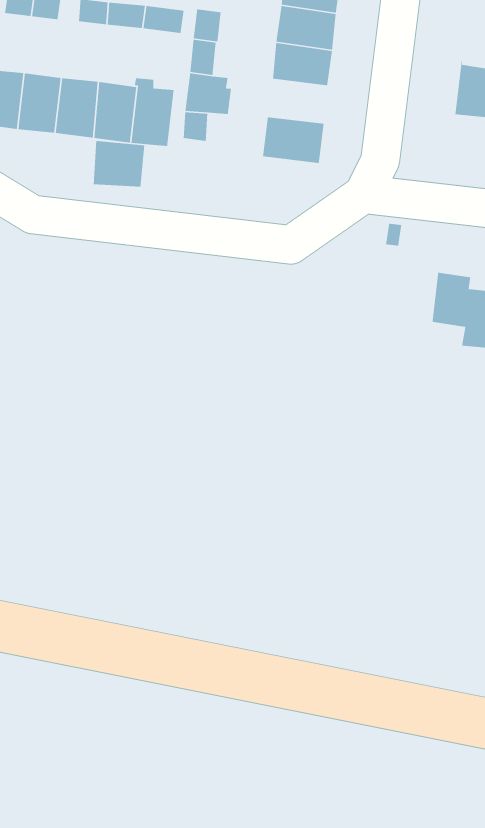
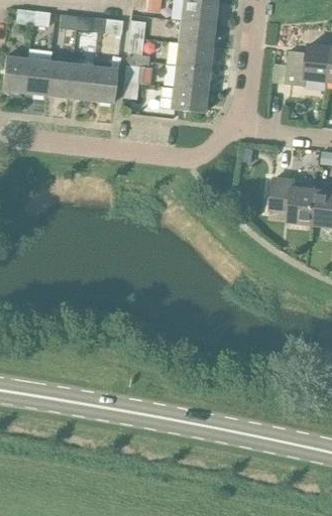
building: none -> [174,62,210,89]
building: [93,140,145,187] -> none

